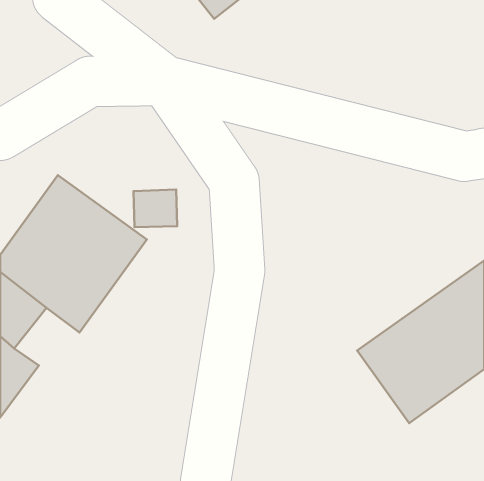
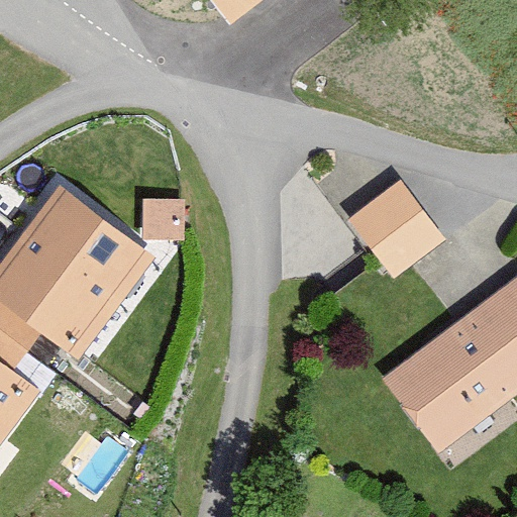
building: none -> [347,176,451,281]

